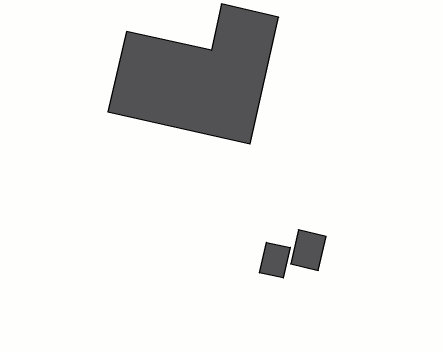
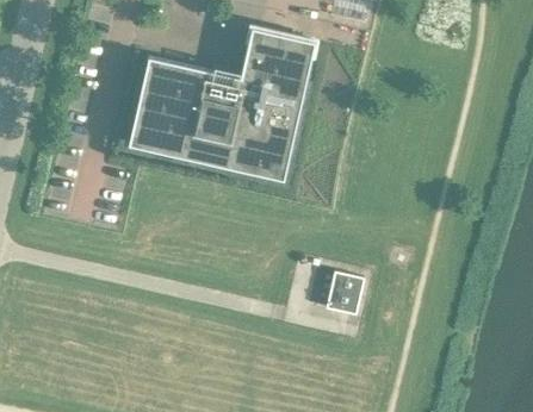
building: [260,242,290,278] -> none

